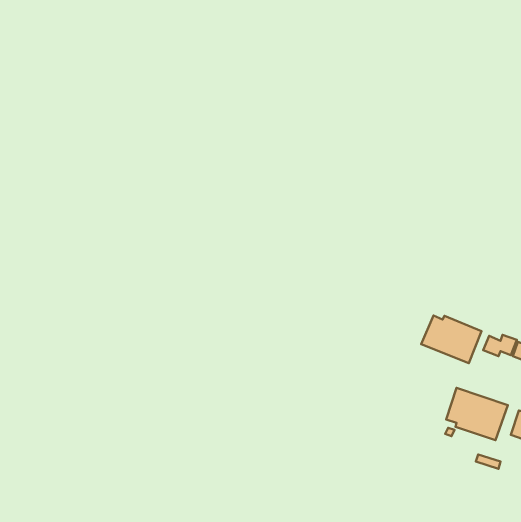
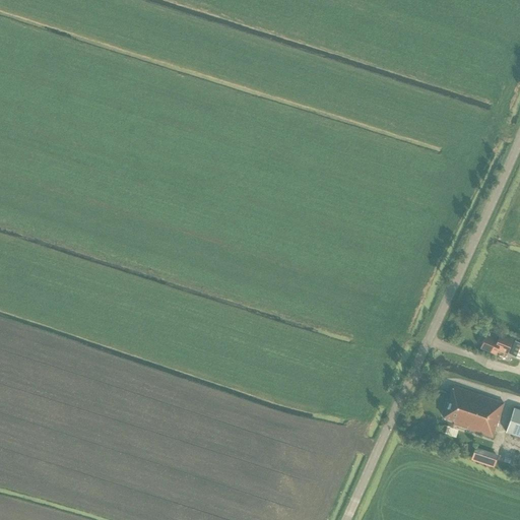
building: [421,315,481,363] -> none

